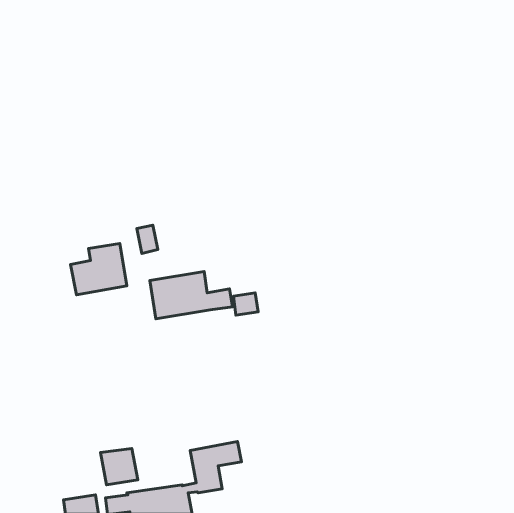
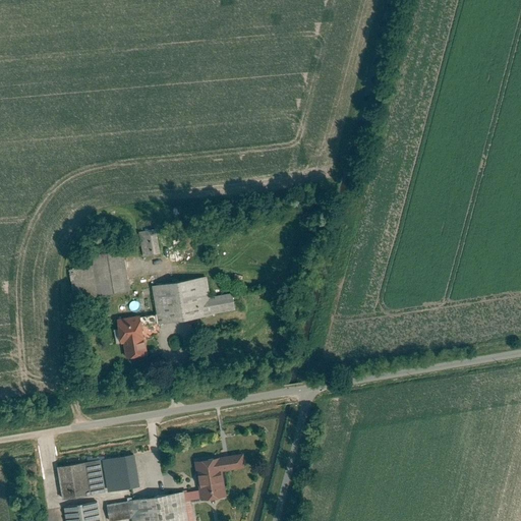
building: [234,293,258,315] -> none
building: none -> [115,320,144,358]
building: none -> [57,460,105,500]

